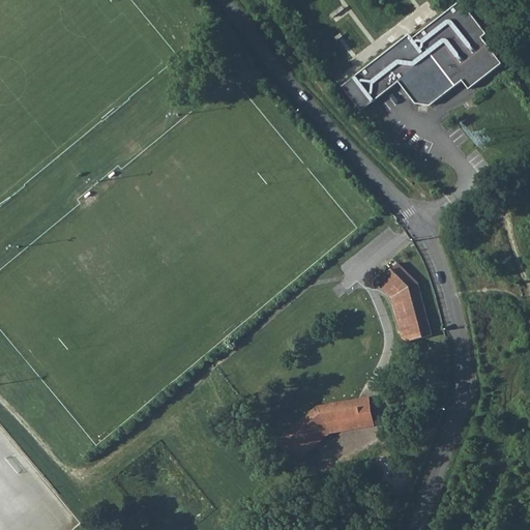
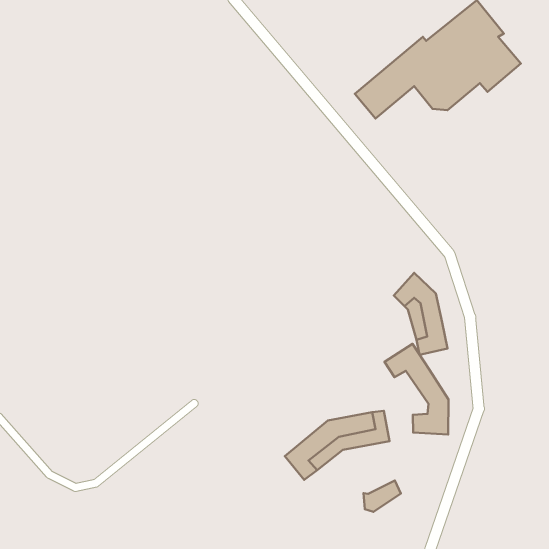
building: none -> [385,344,448,434]
building: none -> [363,480,401,512]

